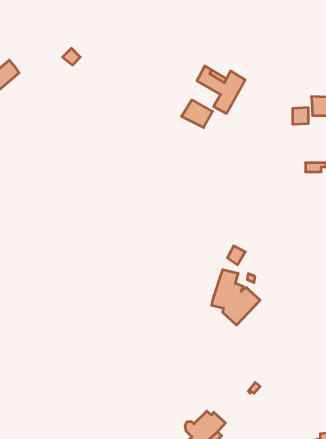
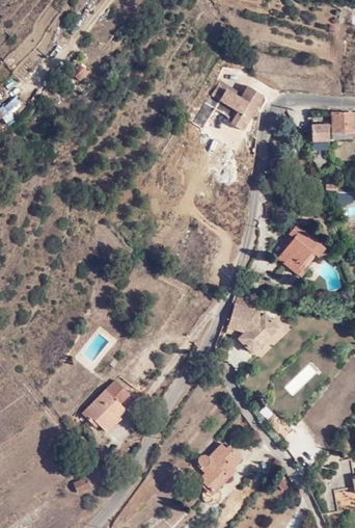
building: [181,100,213,128] -> none
building: none -> [278,226,325,278]
building: none -> [86,380,137,430]

